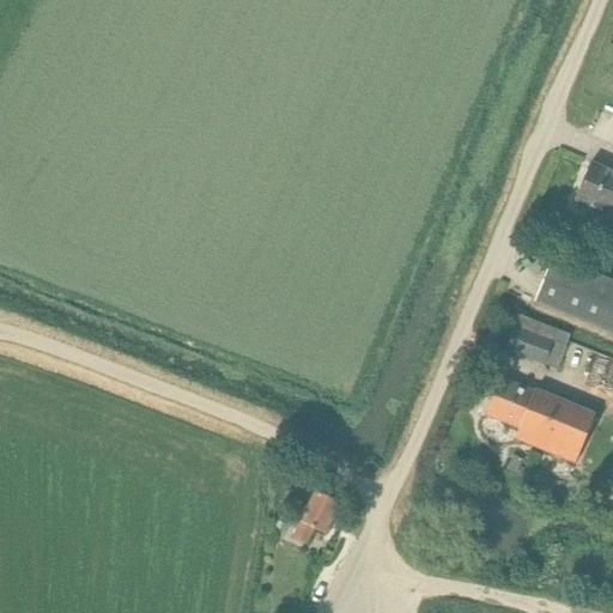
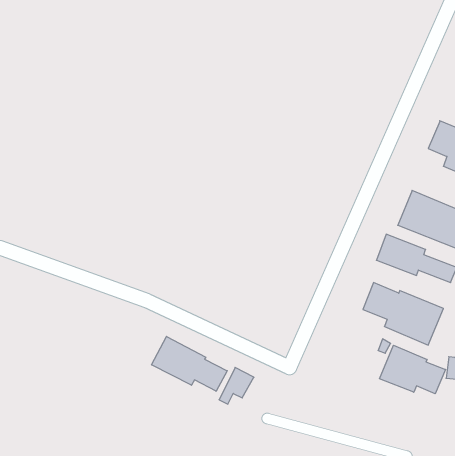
building: none -> [152,336,227,391]
building: none -> [380,345,445,394]

